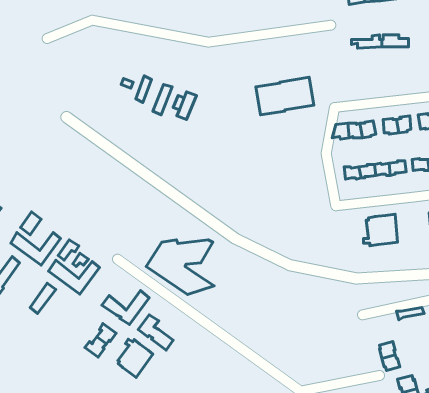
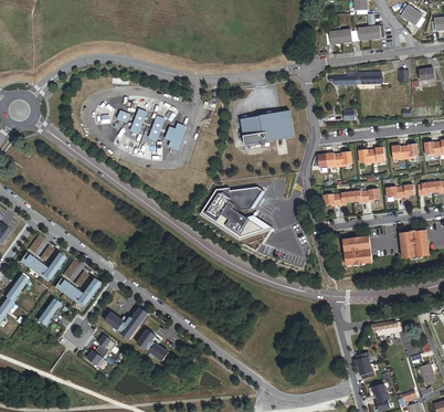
building: [146,240,214,294] -> [201,187,263,236]
building: [118,339,153,378] -> none

